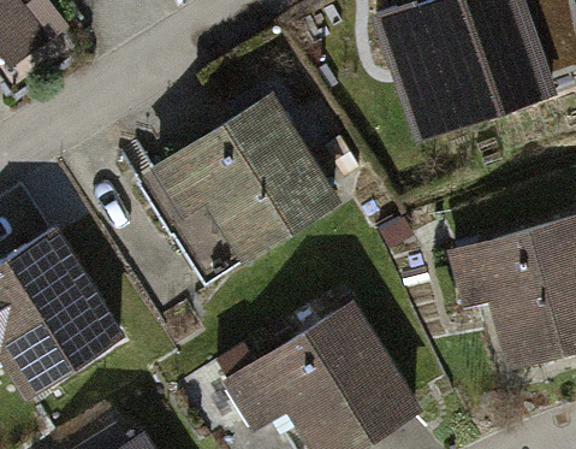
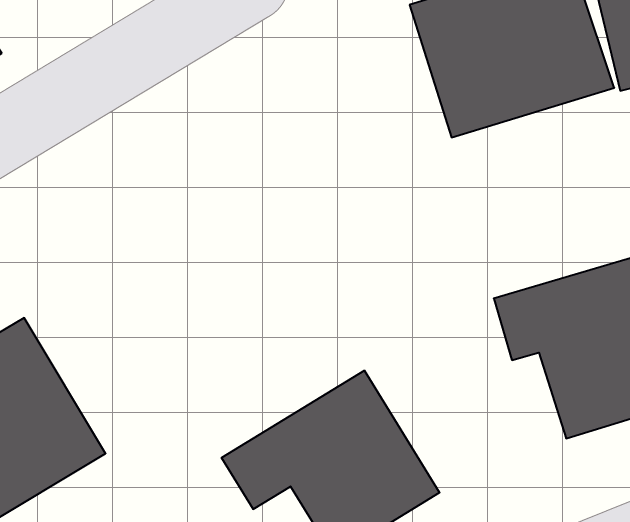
building: [177,114,334,253] -> none

